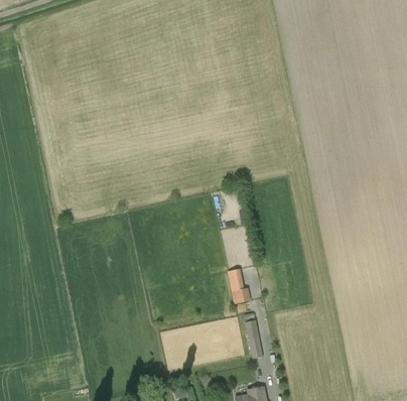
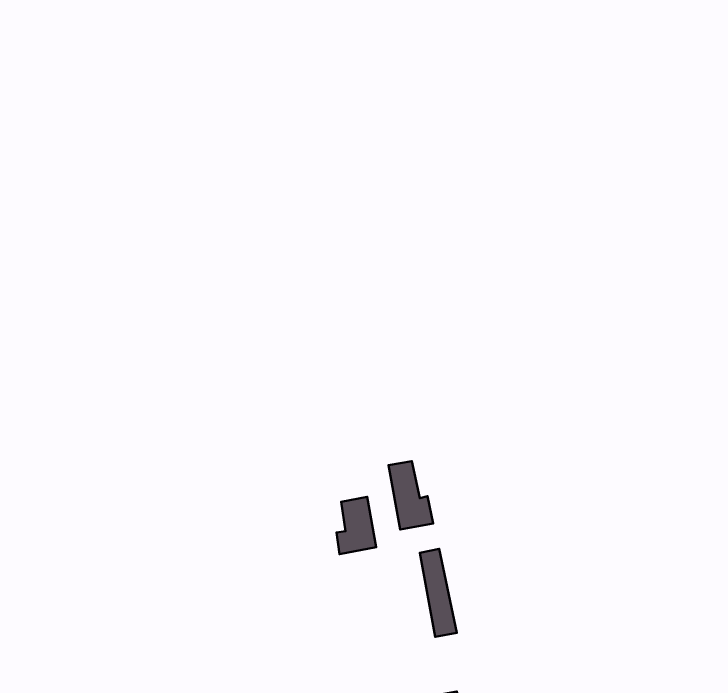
building: none -> [337,497,376,554]

